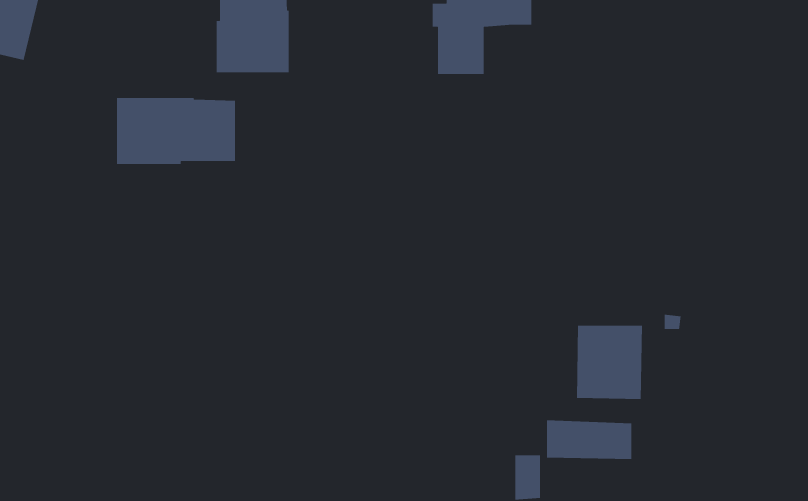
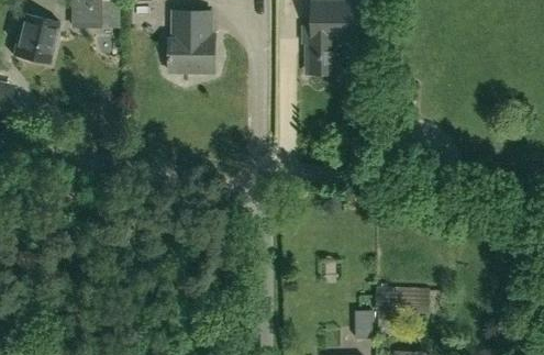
building: [116,97,236,165] -> none
building: [576,325,643,400] -> none

